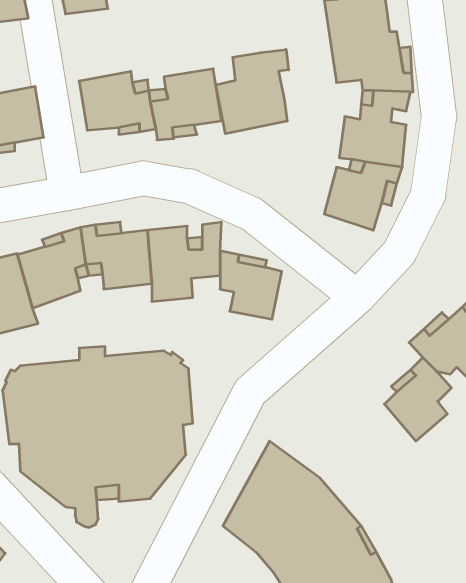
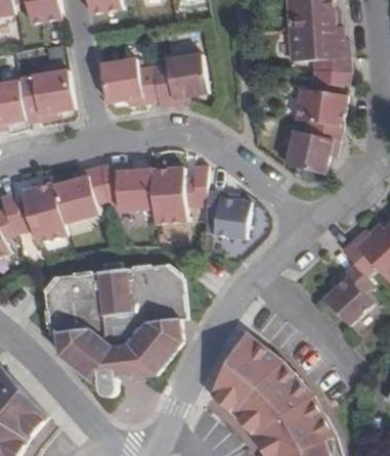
building: [216,49,289,134] -> none

